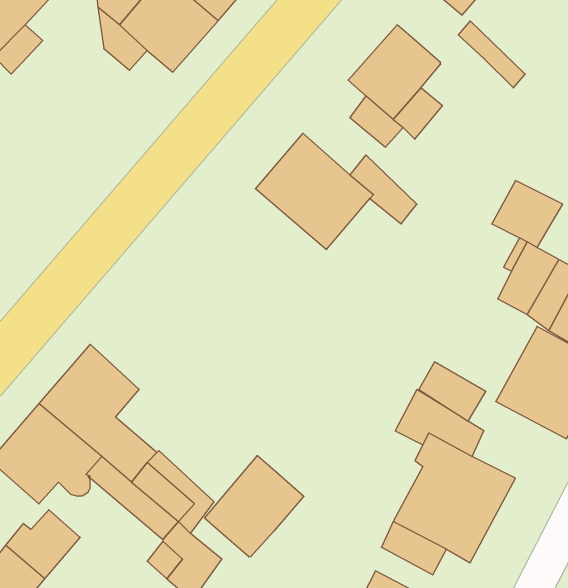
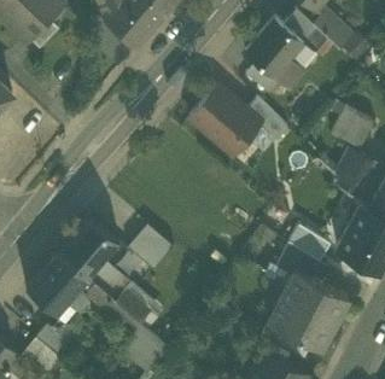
building: none -> [285,10,329,54]
building: none -> [128,226,174,270]
building: [205,456,304,557] -> none

